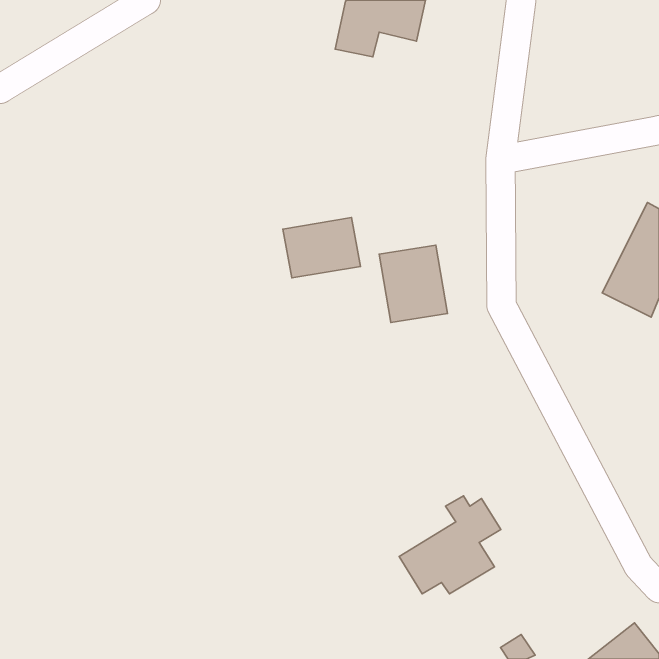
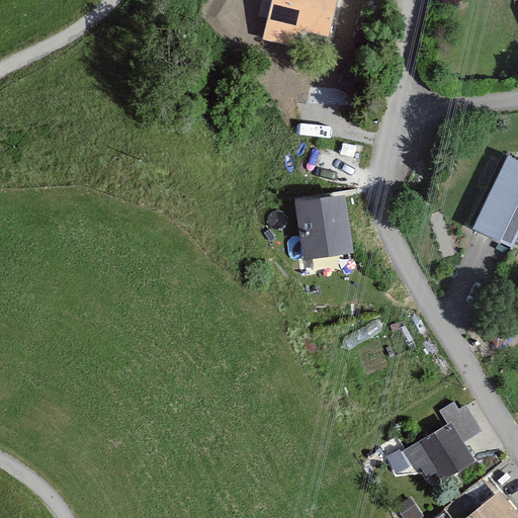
building: [283,217,360,278] -> none
building: [399,496,501,594] -> [401,404,481,481]

